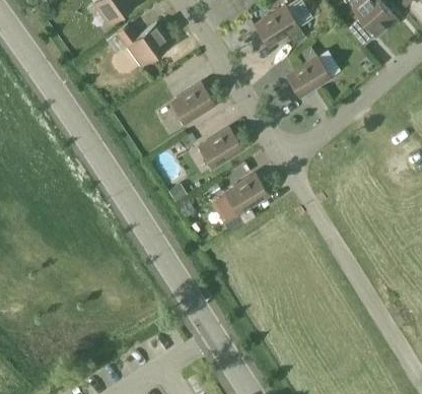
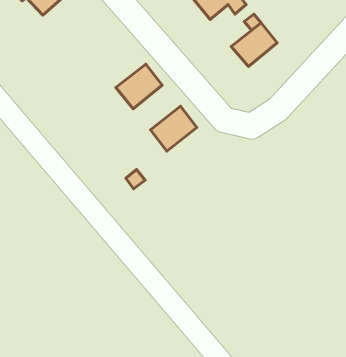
building: [121,23,174,66] -> none
building: [222,175,267,224] -> none

